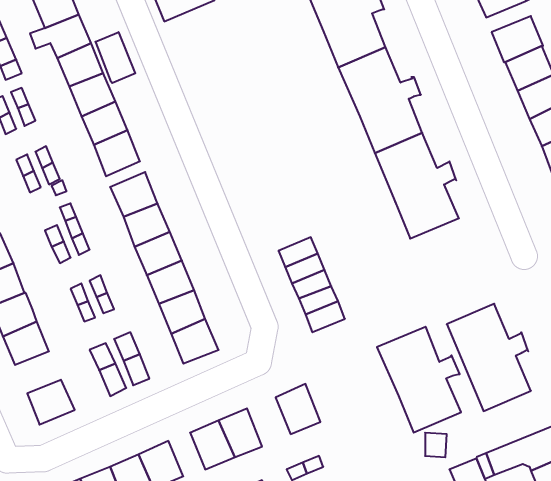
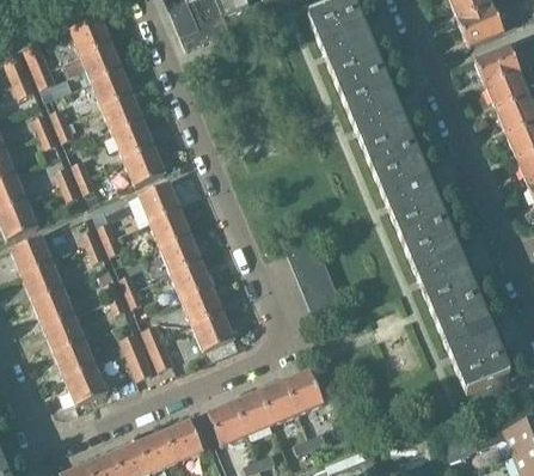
building: [95,32,135,83] -> none
building: [377,327,461,433] -> [403,222,477,316]
building: none -> [55,340,96,377]
building: none -> [259,380,297,423]

